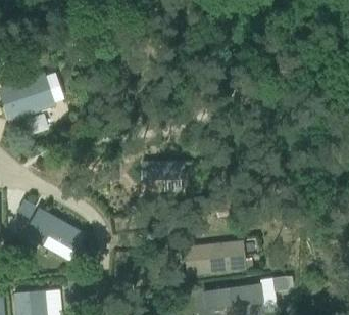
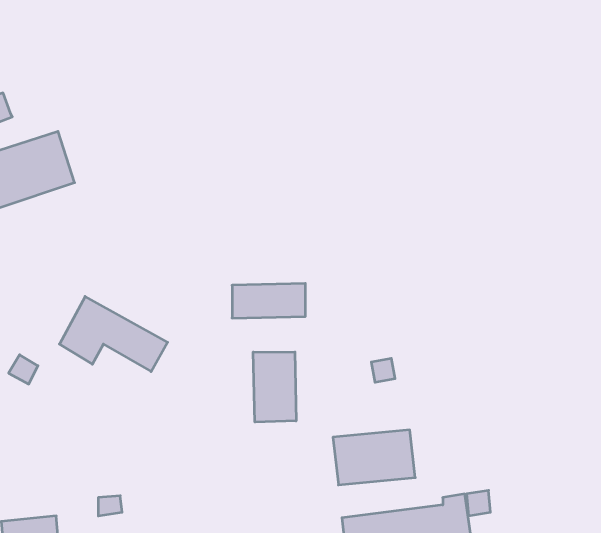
building: none -> [253,352,296,422]
building: [24,209,85,251] -> [59,296,168,372]

